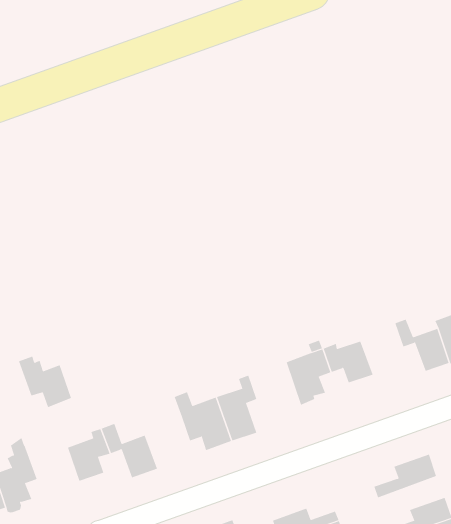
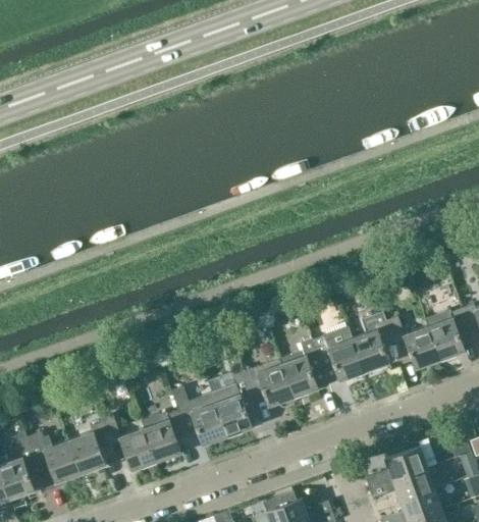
building: none -> [352,312,392,370]
building: [18,356,72,408] -> [28,432,79,482]
building: none -> [244,358,294,407]
building: none -> [141,411,187,461]
building: none -> [368,468,433,501]

